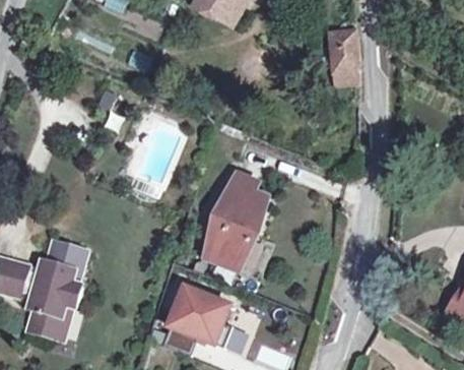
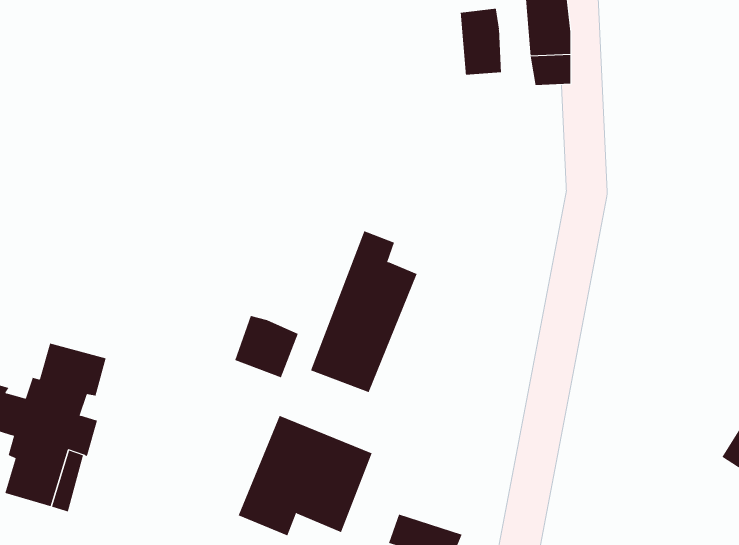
building: none -> [460,8,501,76]
building: none -> [235,315,298,378]

